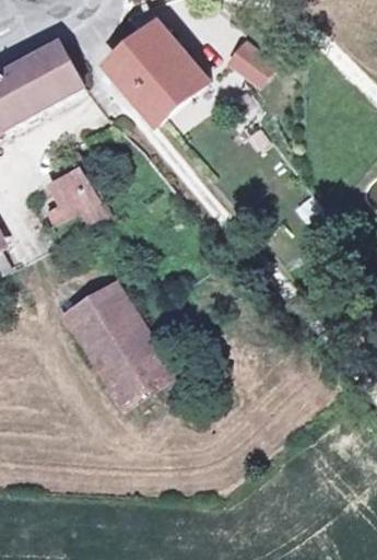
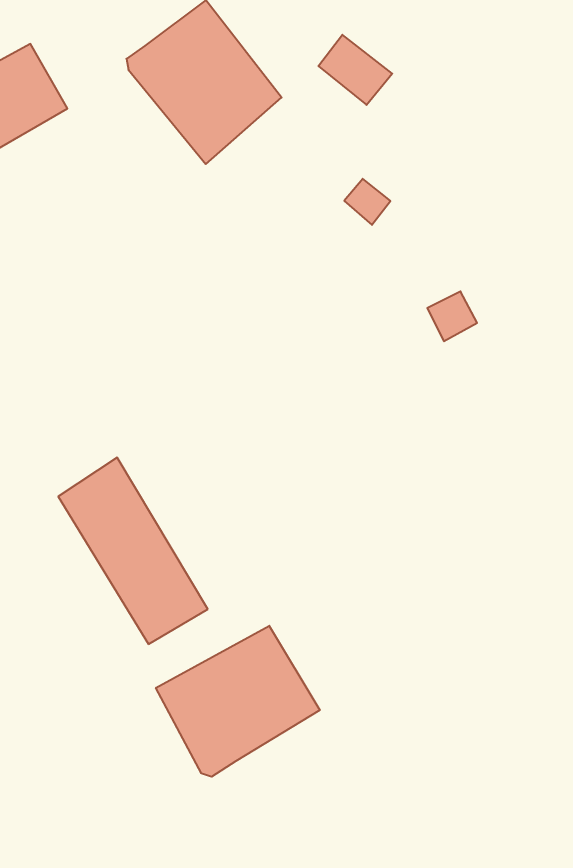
building: [44,175,98,236] -> none
building: none -> [156,626,320,777]

